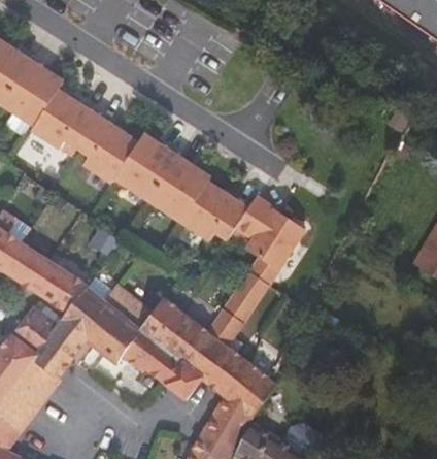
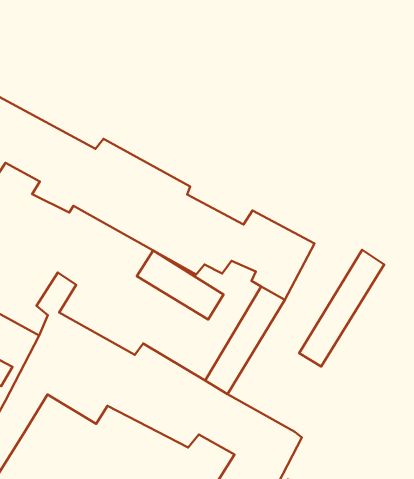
building: none -> [137,250,224,320]
building: none -> [299,250,384,366]

